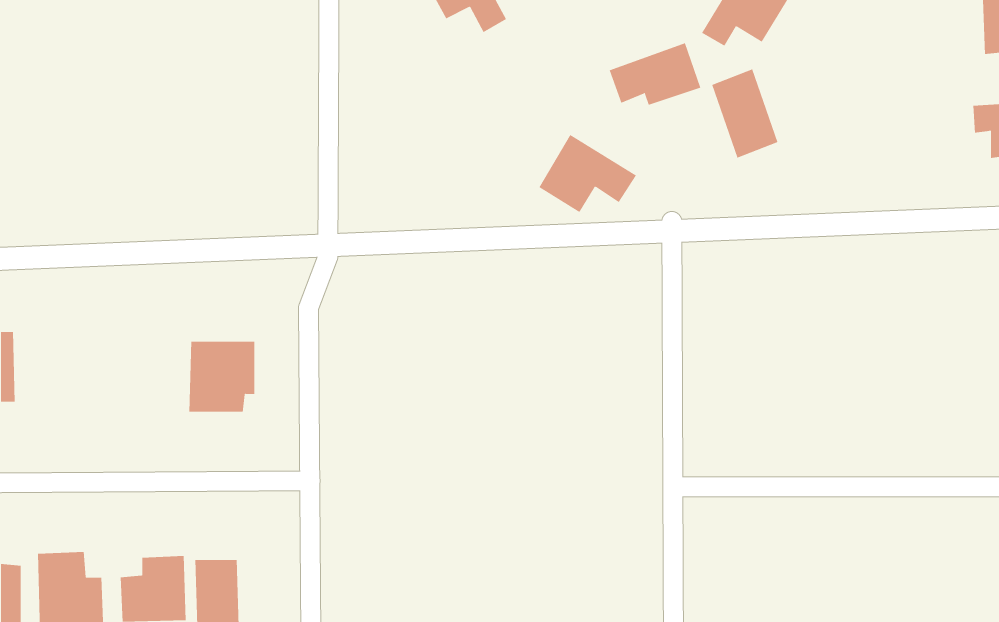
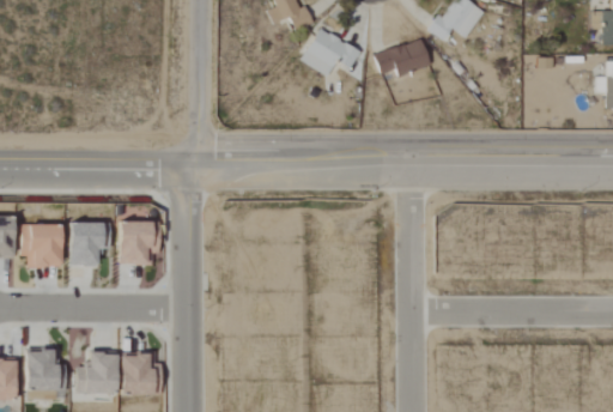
building: [711,69,778,158] -> none
building: [539,134,637,213] -> [301,28,360,75]
building: none -> [68,222,98,265]
building: none -> [19,223,61,267]

